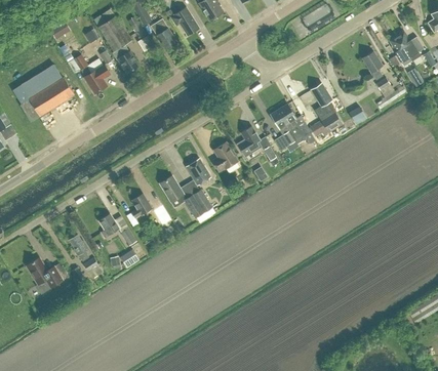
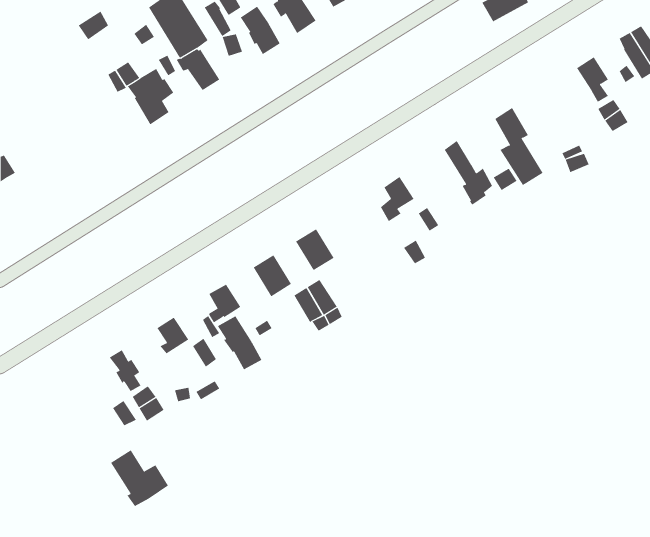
building: [13,65,75,122] -> none
building: [270,109,295,150] -> none
building: [212,141,238,170] -> none
building: none -> [217,316,262,370]
building: [26,256,63,292] -> [110,450,169,507]

